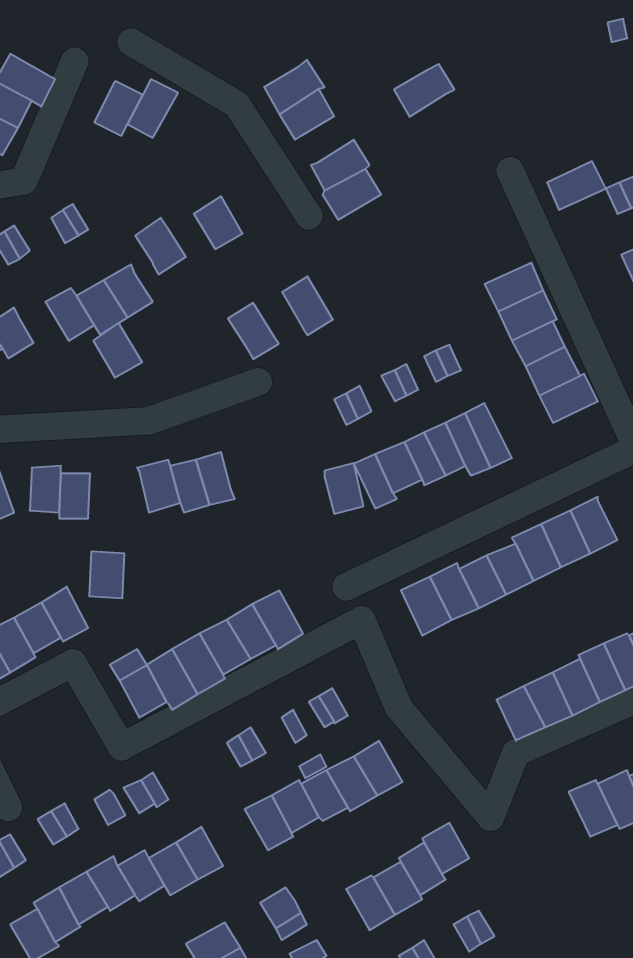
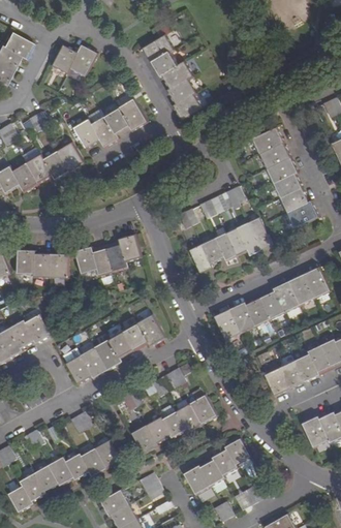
building: [394,64,454,117] -> [161,61,193,89]
building: [547,161,606,210] -> [252,127,283,153]
building: [282,276,333,335] -> [119,98,146,129]
building: [228,303,279,359] -> [91,116,118,146]
building: [93,323,142,378] -> [12,162,38,191]
building: [324,463,363,514] -> [119,235,140,261]
building: [89,551,124,598] -> [49,253,67,278]

